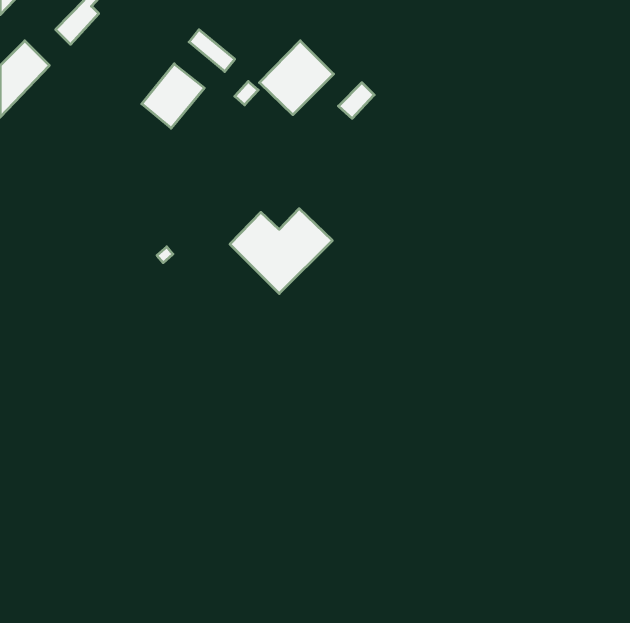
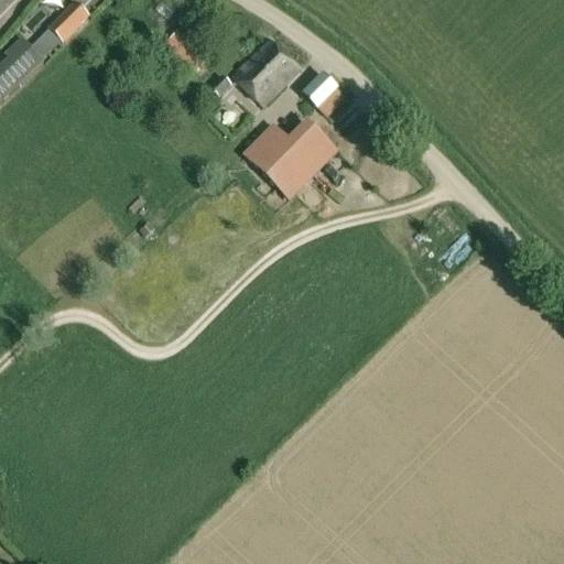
building: [142,64,204,128] -> none
building: [230,209,332,294] -> [246,121,337,197]

